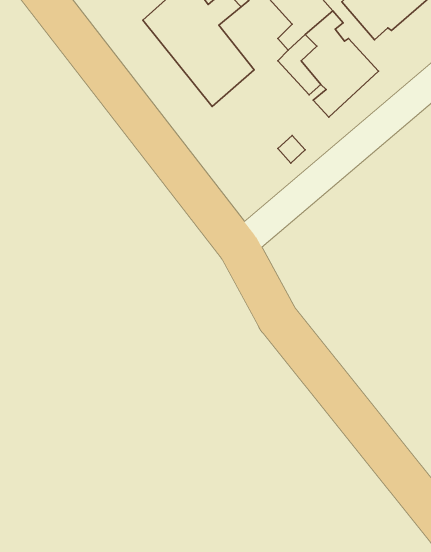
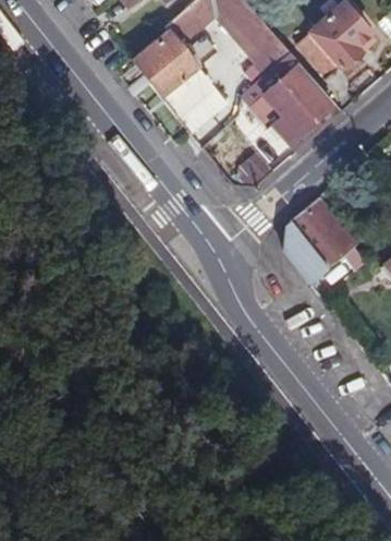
building: none -> [283,195,358,284]

